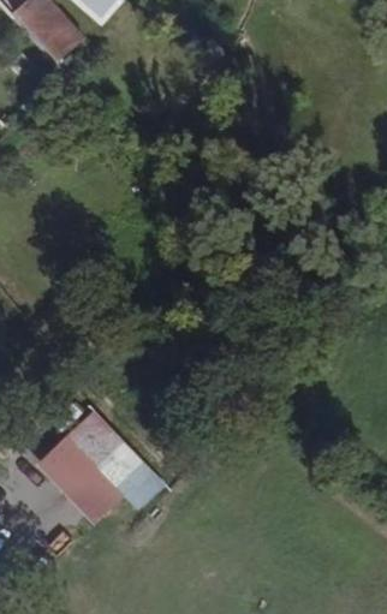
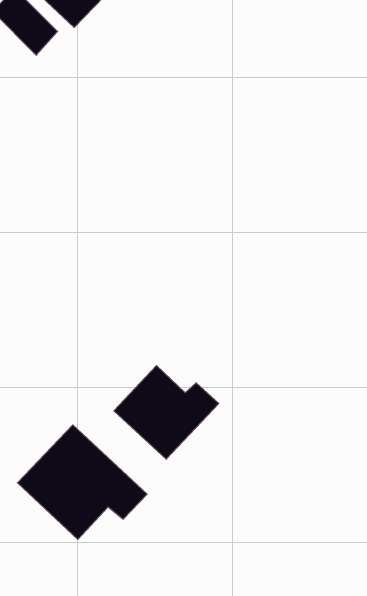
building: none -> [114,366,219,459]

